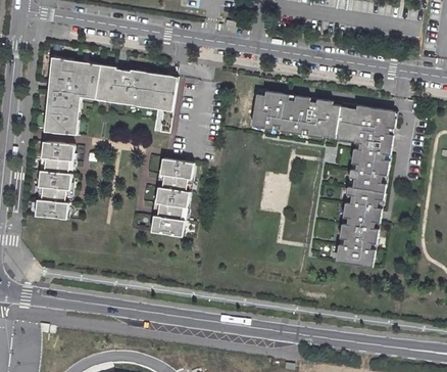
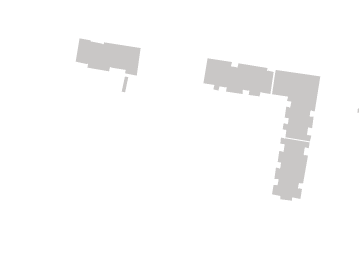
building: [44,58,101,135] -> none
building: [36,142,75,220] -> none
building: [151,158,193,236] -> none

